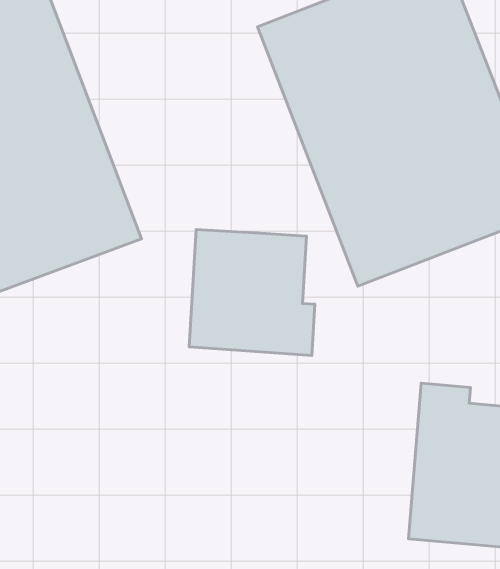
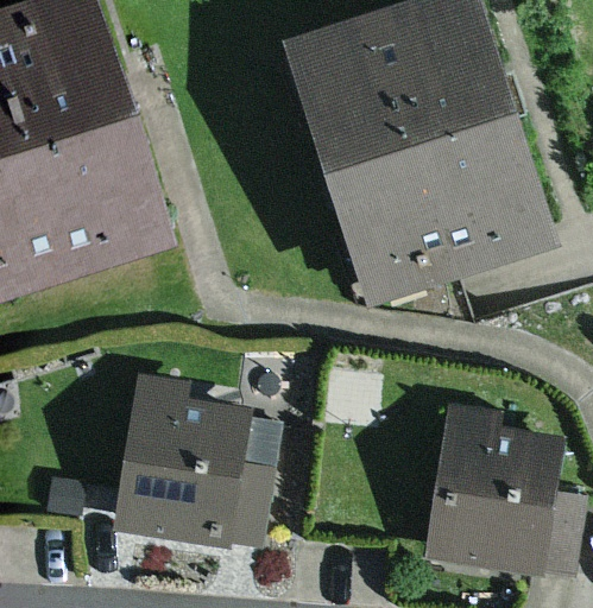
building: [189,229,315,355] -> none
building: none -> [109,375,271,547]

